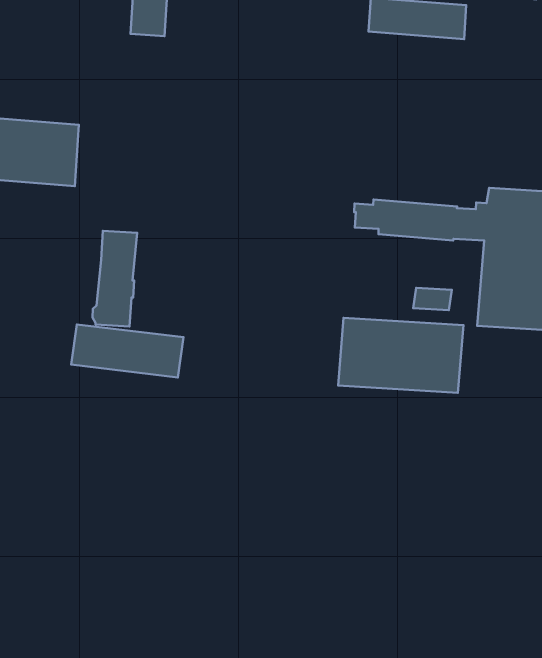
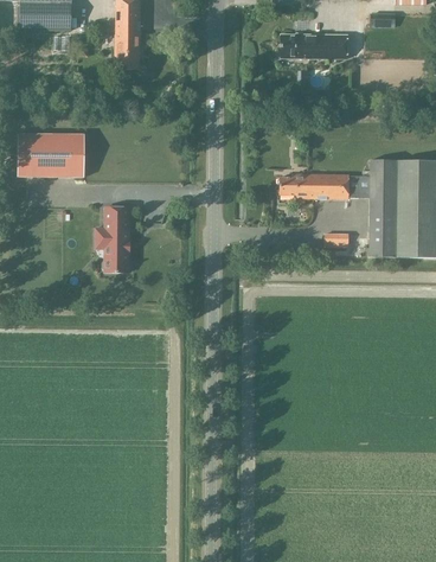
building: [338,318,464,393] -> none
building: [71,324,183,377] -> none

